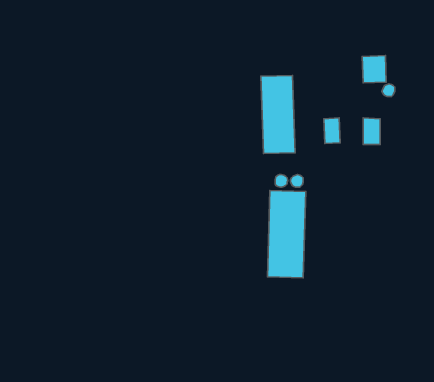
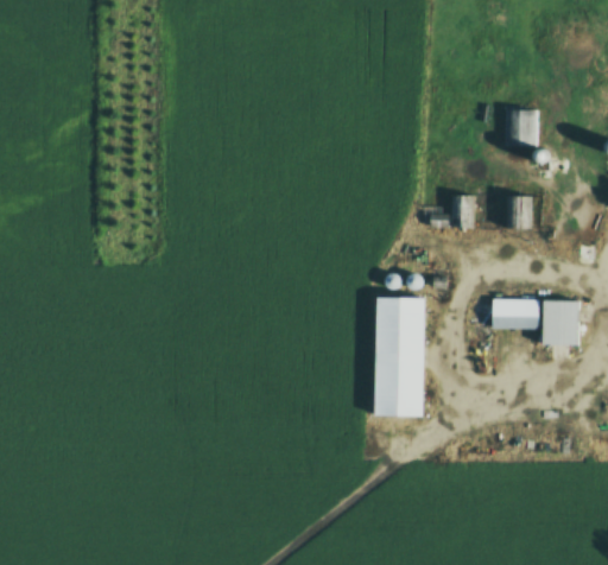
building: [261,75,295,154] -> none
building: none -> [492,300,581,347]

